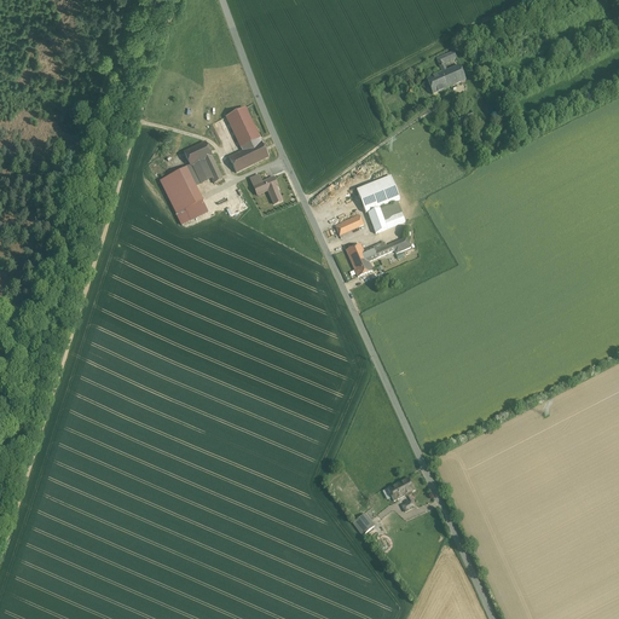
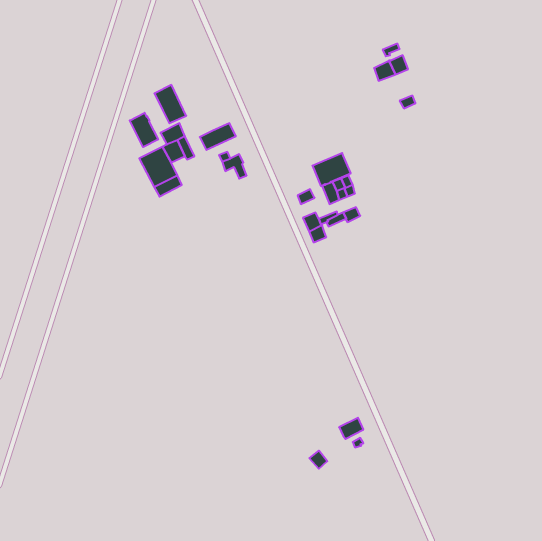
building: [225,105,261,149] -> [154,85,186,123]
building: none -> [130,113,158,147]

